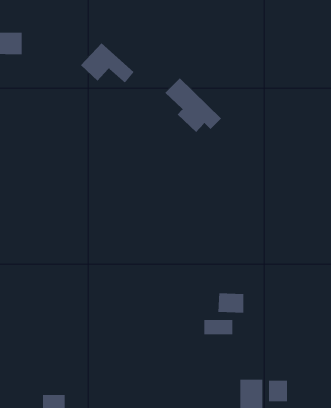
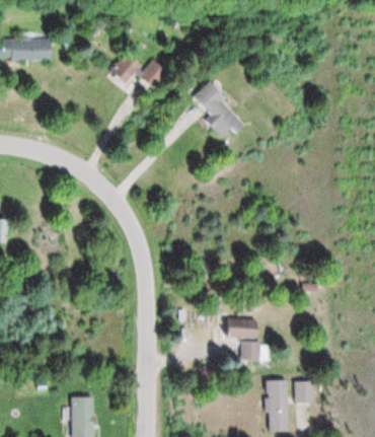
building: [217,293,244,313] -> [240,342,267,362]

